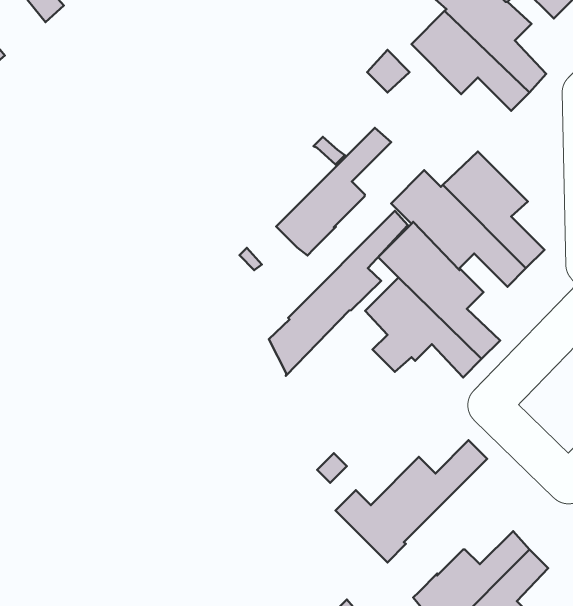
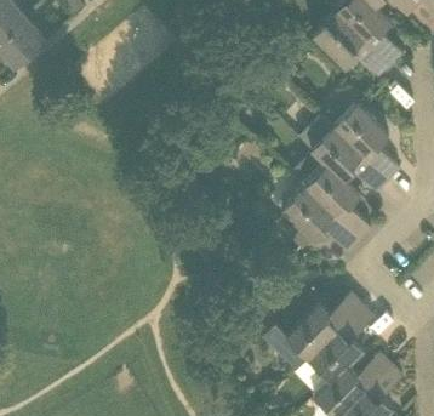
building: [276,128,391,255] -> none
building: [269,211,408,376] -> none
building: none -> [308,304,375,381]

